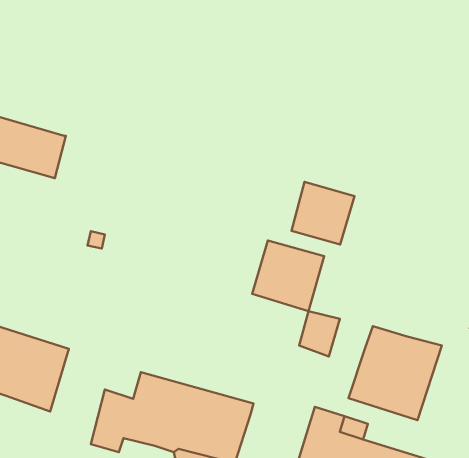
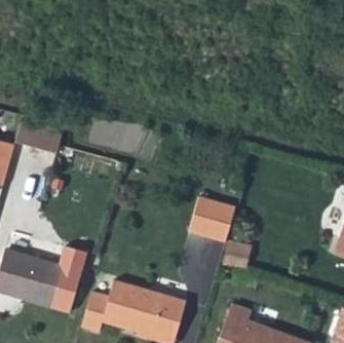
building: [292,182,354,244] -> none
building: [349,326,442,420] -> none

